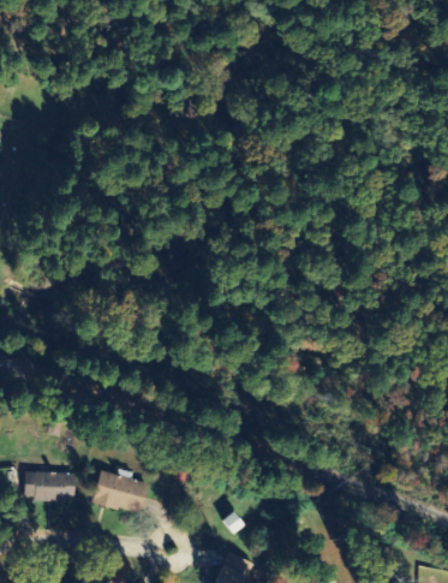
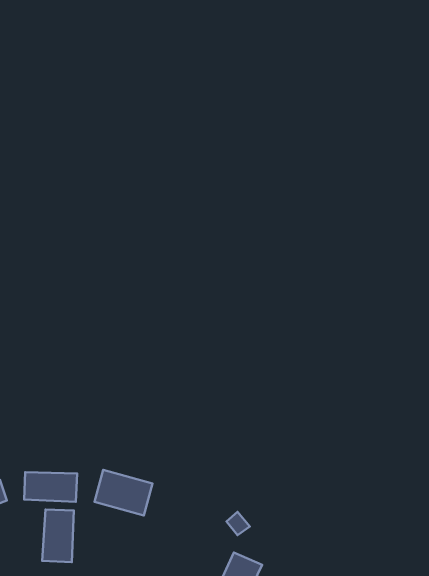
building: none -> [42,509,74,562]

